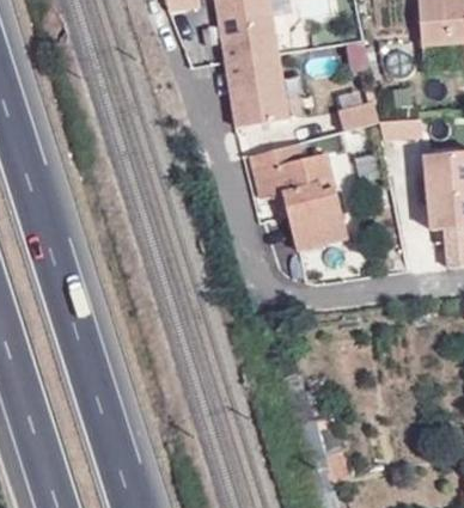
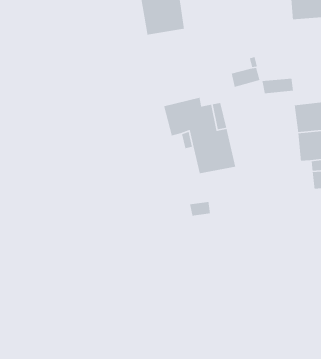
building: [227,55,288,128] -> none

